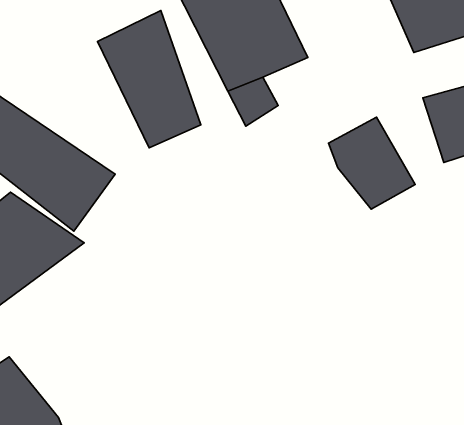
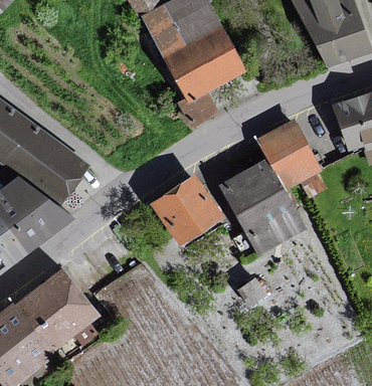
building: [98,11,201,148] -> none
building: none -> [226,160,310,256]
building: none -> [148,175,225,248]
building: none -> [11,269,100,354]

